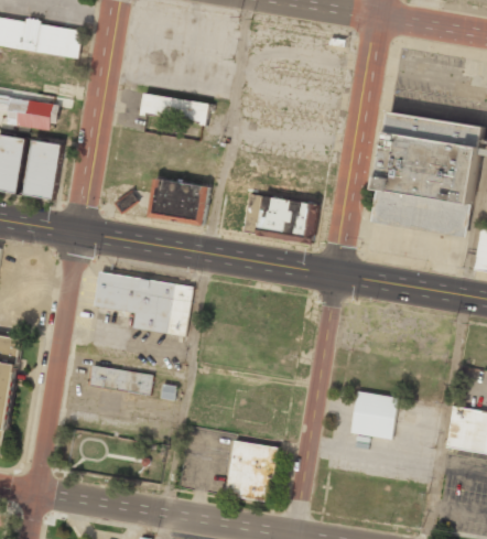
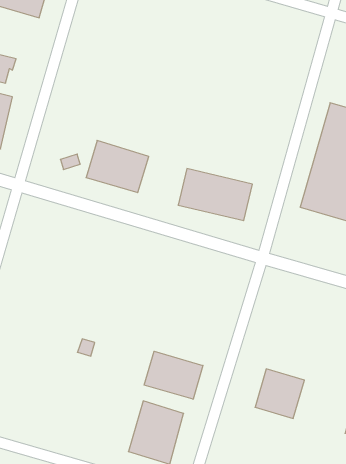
building: [140,94,210,123] -> none
building: [93,272,192,335] -> none
building: [89,367,152,394] -> none
building: none -> [144,351,203,399]

